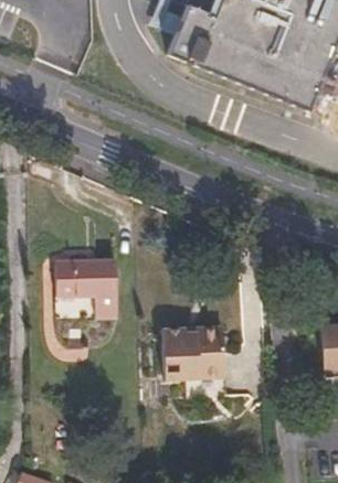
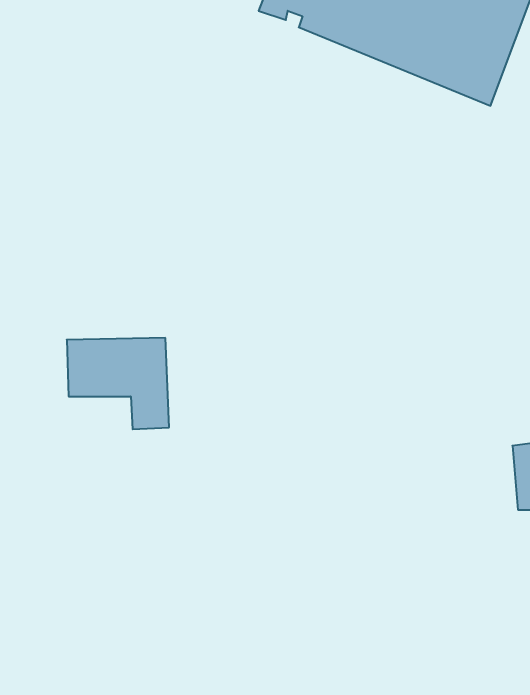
building: [159,325,220,394] -> none

